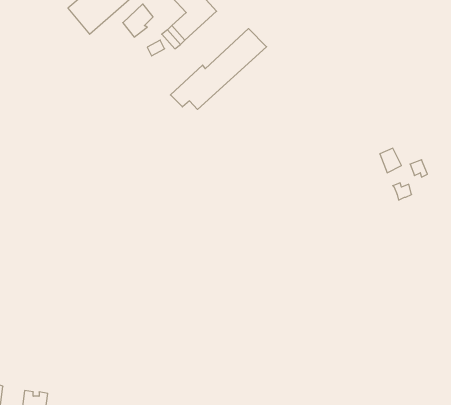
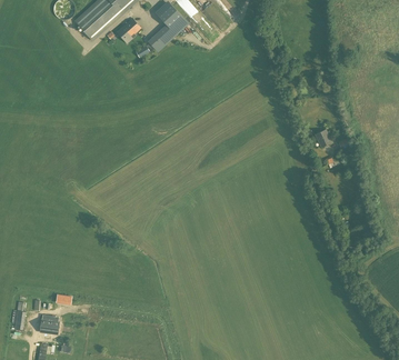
building: [170,29,267,109] -> none

